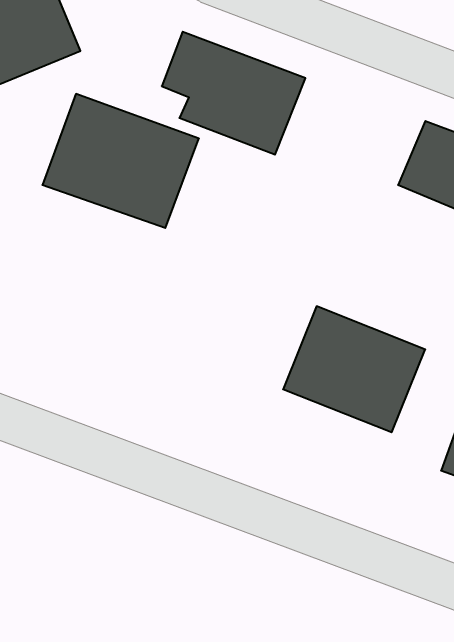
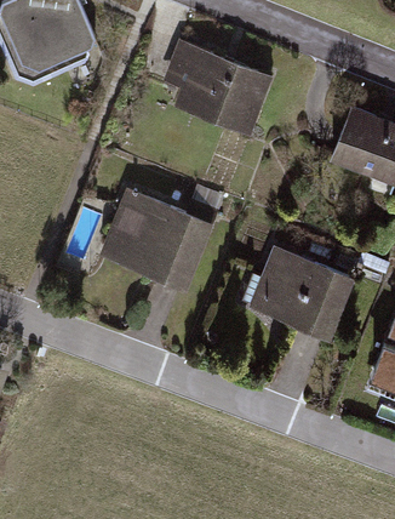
building: [42,94,199,228] -> [96,187,214,289]

